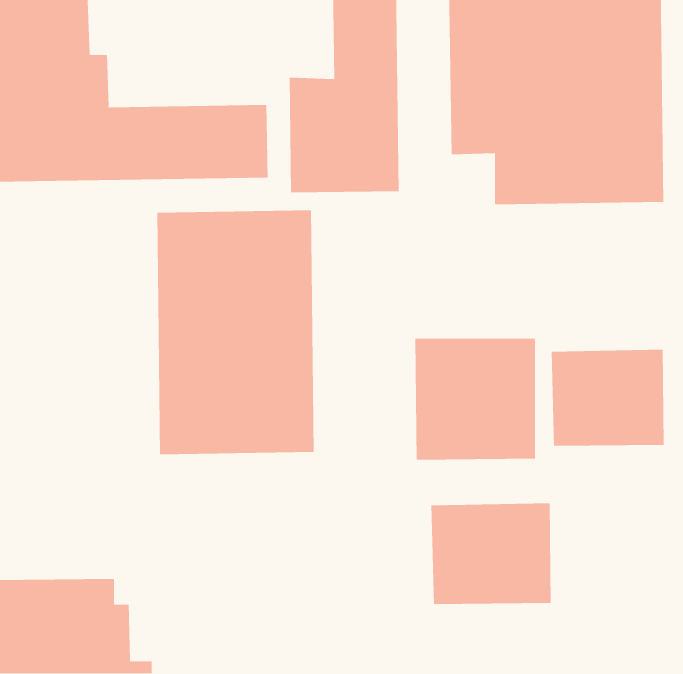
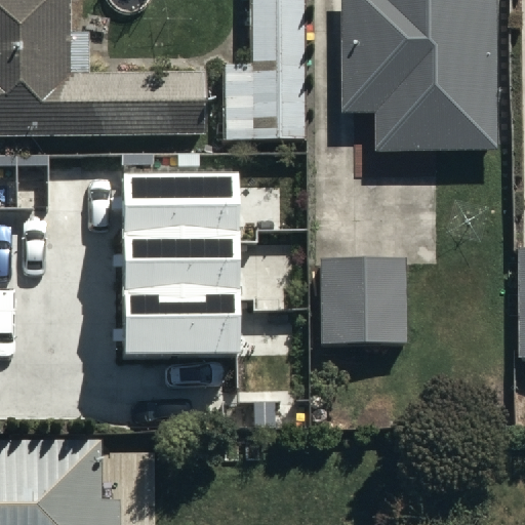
building: [551,349,665,447] -> none
building: [431,503,552,605] -> none

